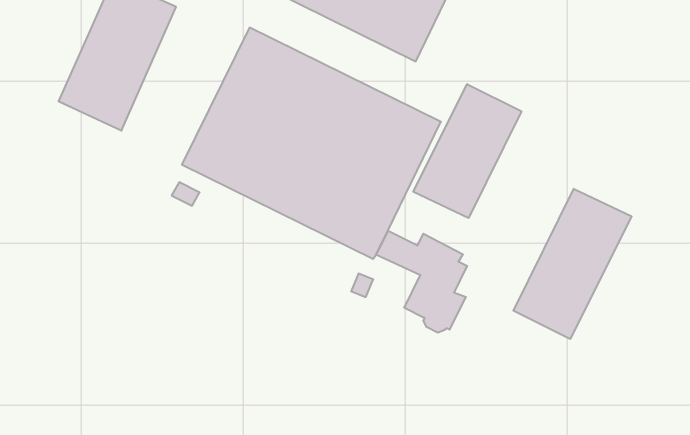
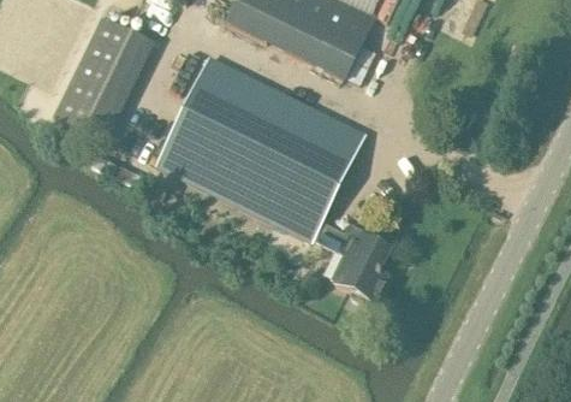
building: [413,84,521,218] -> none
building: [513,189,632,339] -> none

